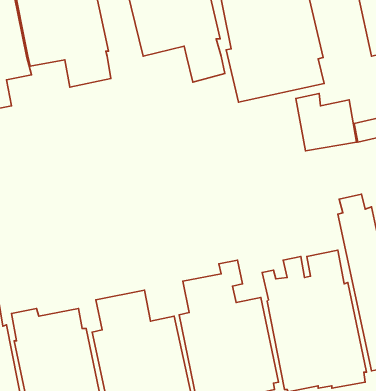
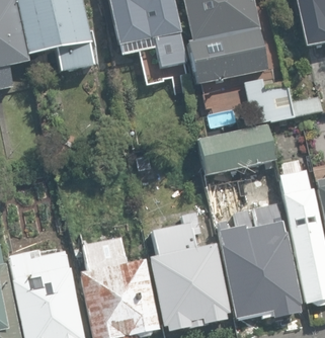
building: none -> [197,122,275,175]

